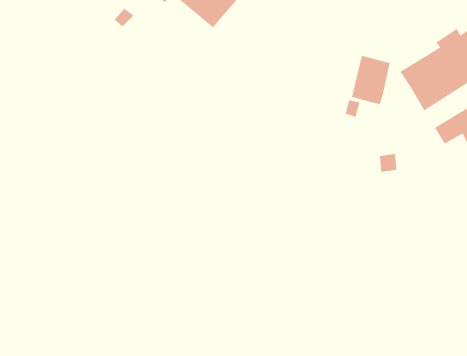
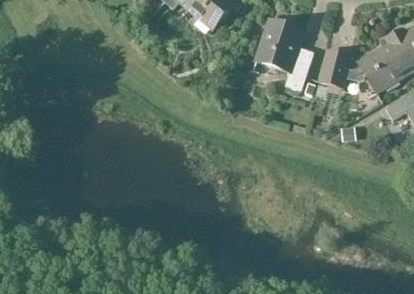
building: none -> [256,20,311,91]

